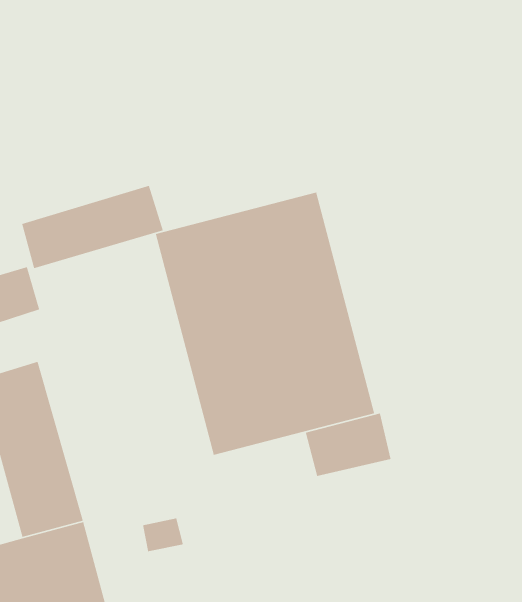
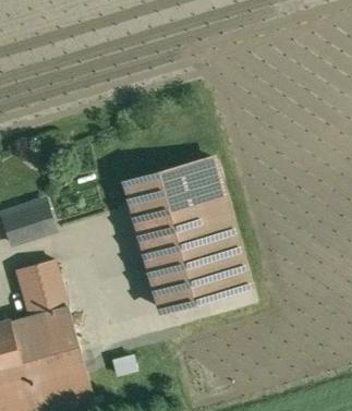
building: [21,185,164,269] -> none
building: [305,412,391,477] -> none

